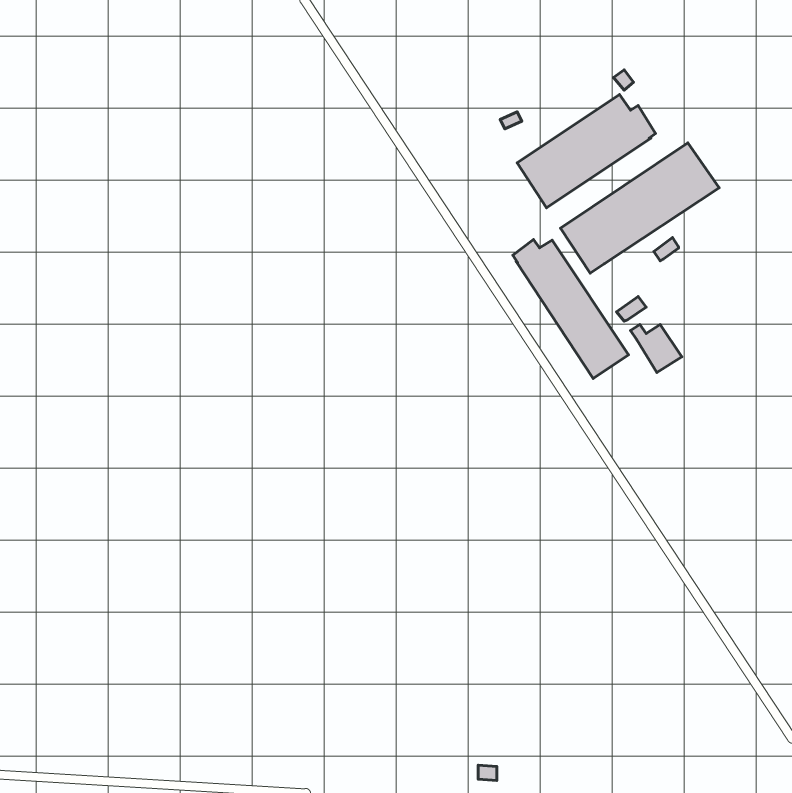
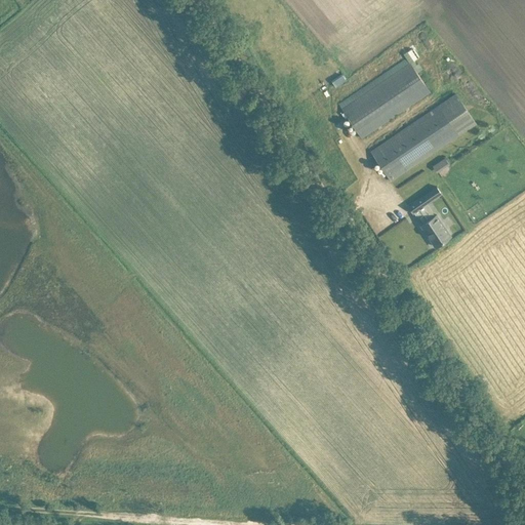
building: [513,240,628,379] -> none

